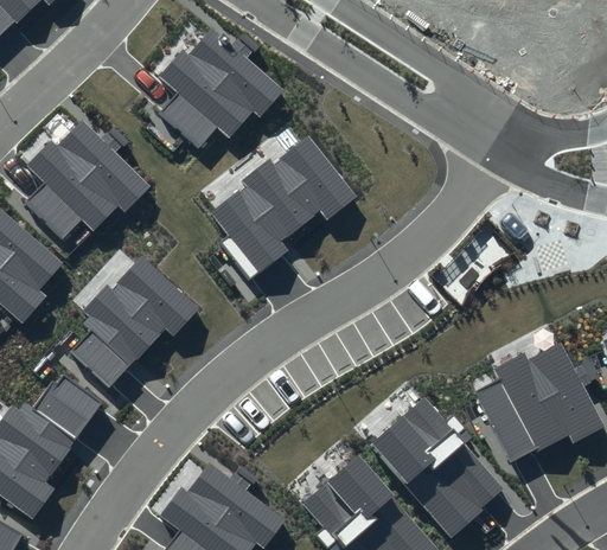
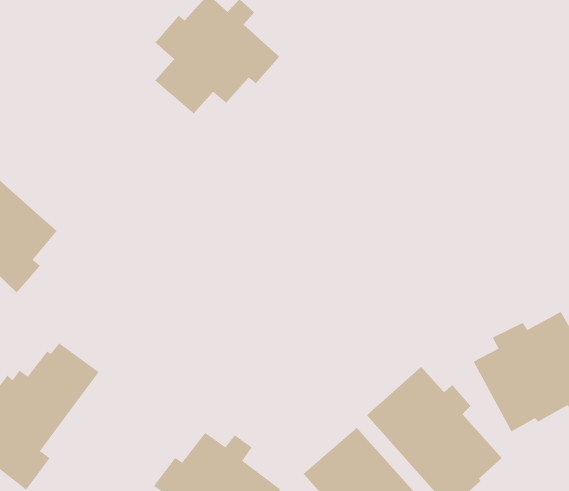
building: [24,120,148,239] -> none
building: [209,136,356,280] -> none
building: [68,257,196,389] -> none

